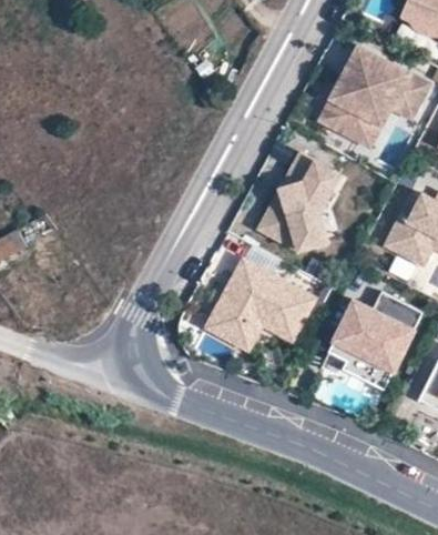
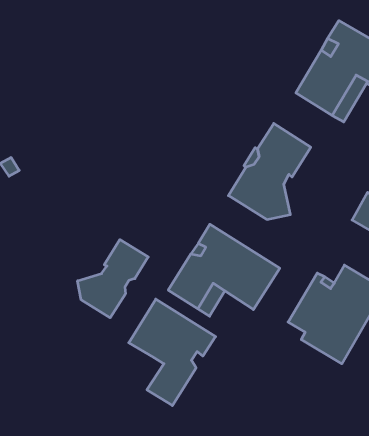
building: none -> [78,240,148,318]
building: none -> [129,299,216,406]

